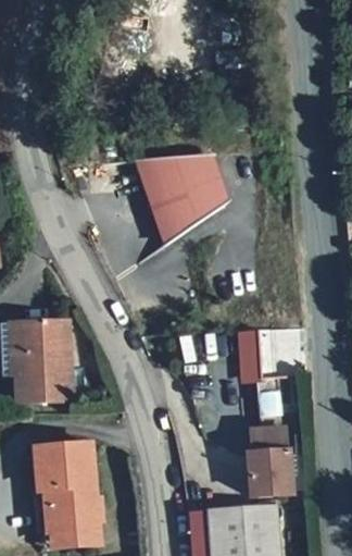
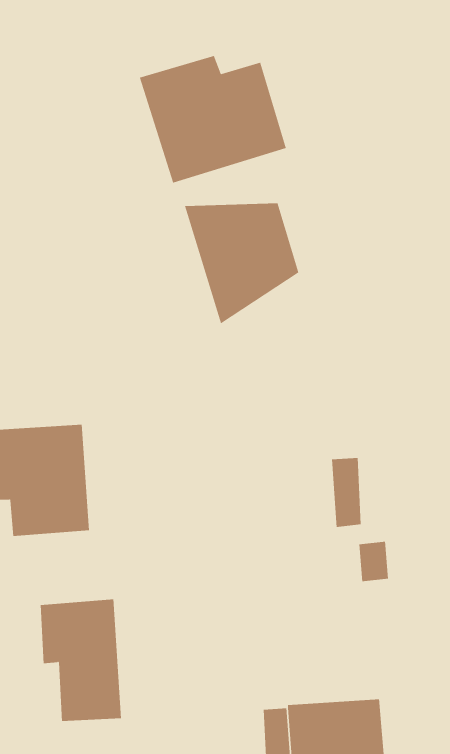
building: none -> [139,55,286,183]
building: [251,433,293,499] -> none
building: [36,484,95,545] -> none

